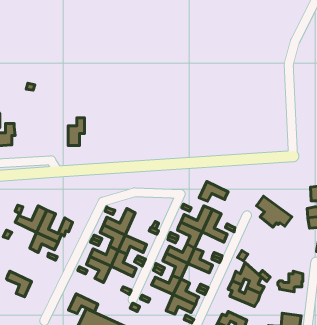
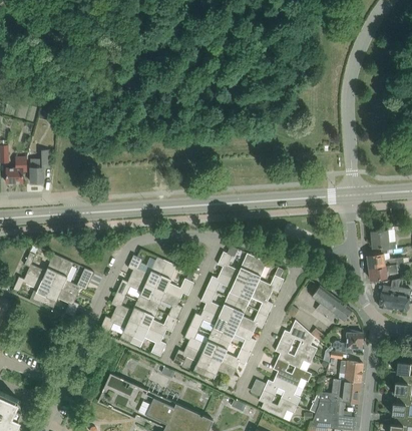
building: [68,118,85,145] -> [30,150,49,182]
building: [199,182,228,201] -> [236,284,270,307]
building: [257,196,292,227] -> [311,286,352,322]
building: none -> [154,262,183,299]
building: none -> [220,321,253,344]
building: [7,271,31,297] -> [22,273,51,303]
building: none -> [181,346,211,376]
building: [69,294,98,314] -> [129,324,163,347]
building: none -> [273,359,311,387]
building: none -> [338,361,362,382]

